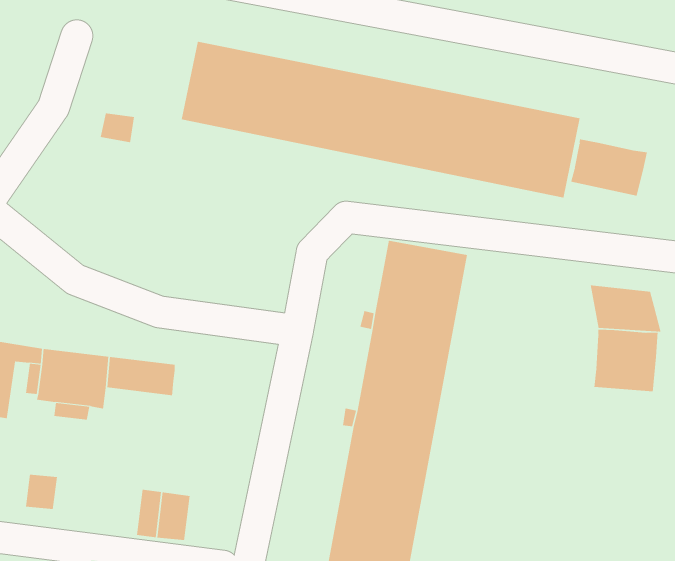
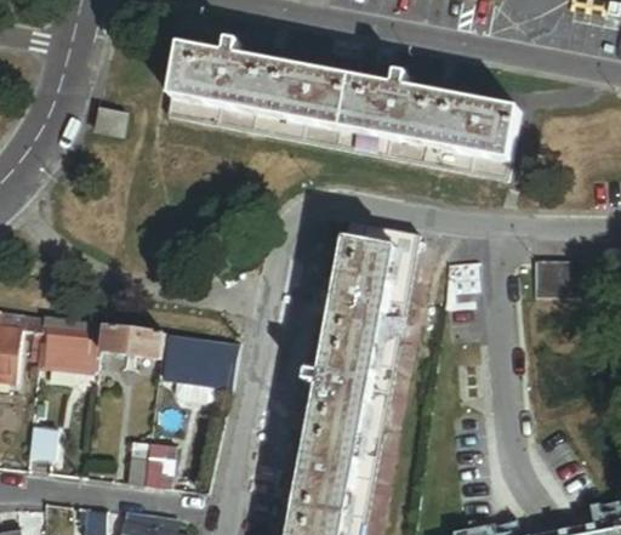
building: [571,138,647,196] -> none
building: [594,329,658,392] -> none
building: none -> [159,335,235,399]

